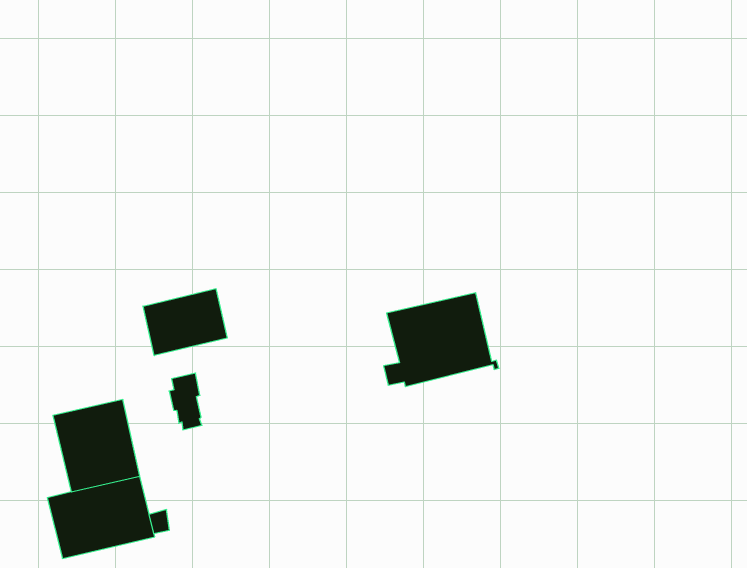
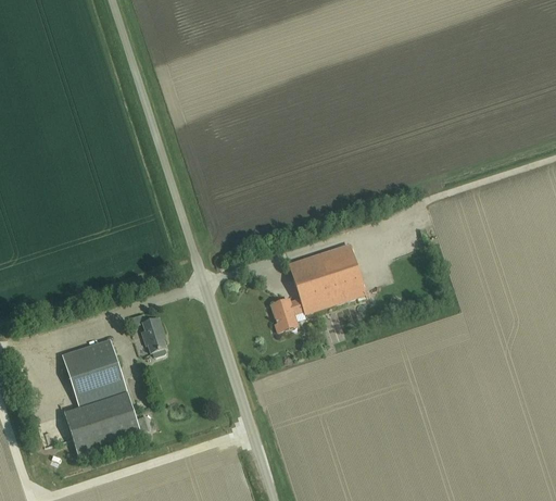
building: [143,289,227,356] -> none
building: none -> [270,298,298,331]

